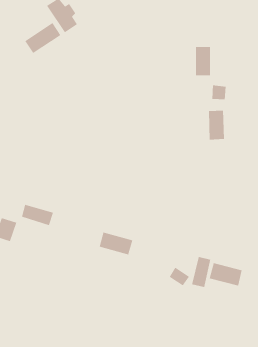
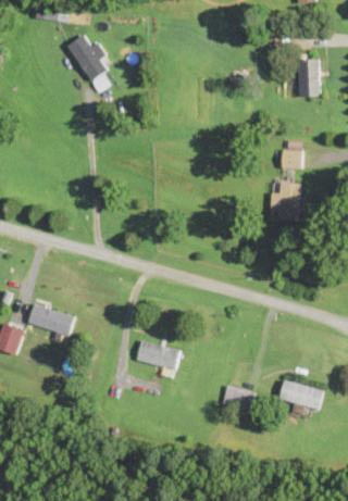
building: [25,22,61,54] -> none
building: [195,47,211,76] -> [298,59,319,97]
building: [191,256,211,288] -> none

